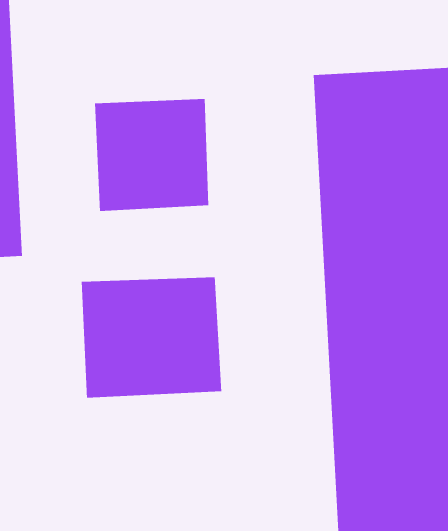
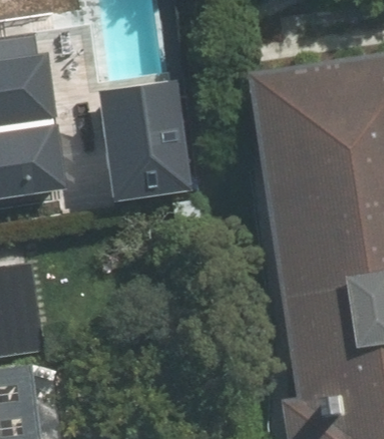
building: [81,276,222,398] -> none

